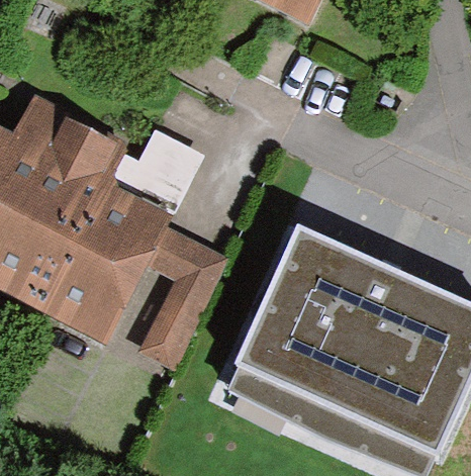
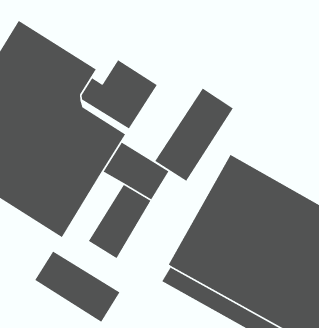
building: none -> [154,88,234,182]
building: none -> [34,250,120,323]

